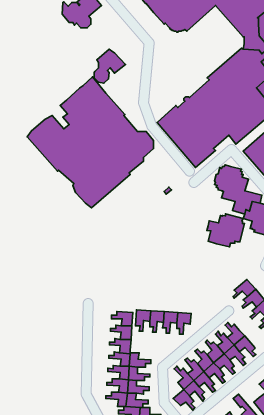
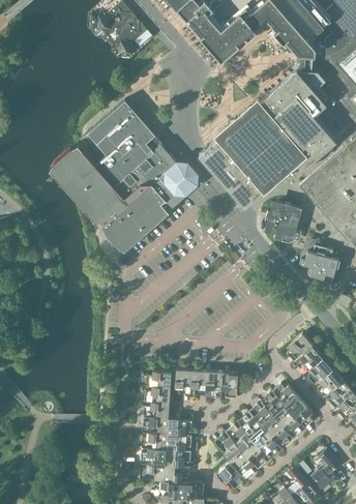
building: [94,49,125,83] -> [117,19,153,58]
building: [207,214,245,247] -> none

